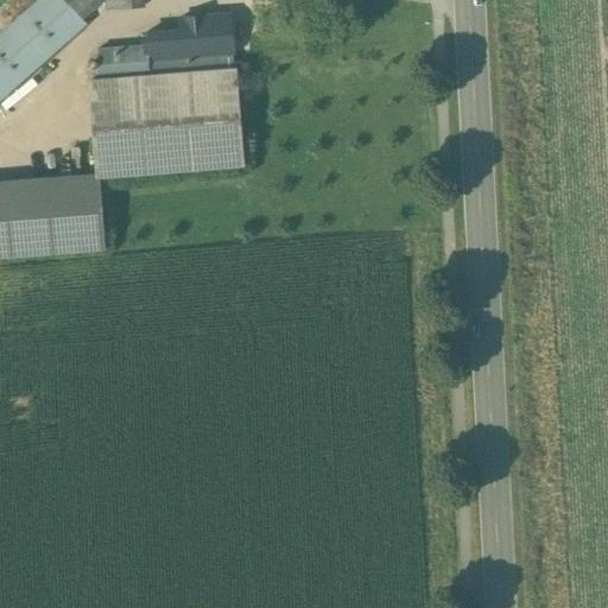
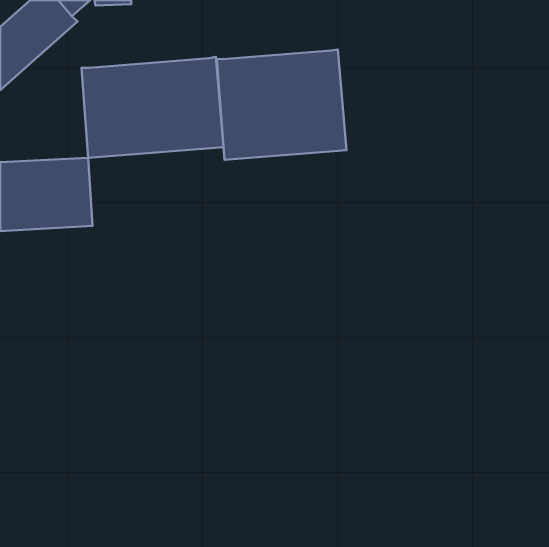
building: [96,14,232,77] -> none
building: none -> [217,49,346,160]

